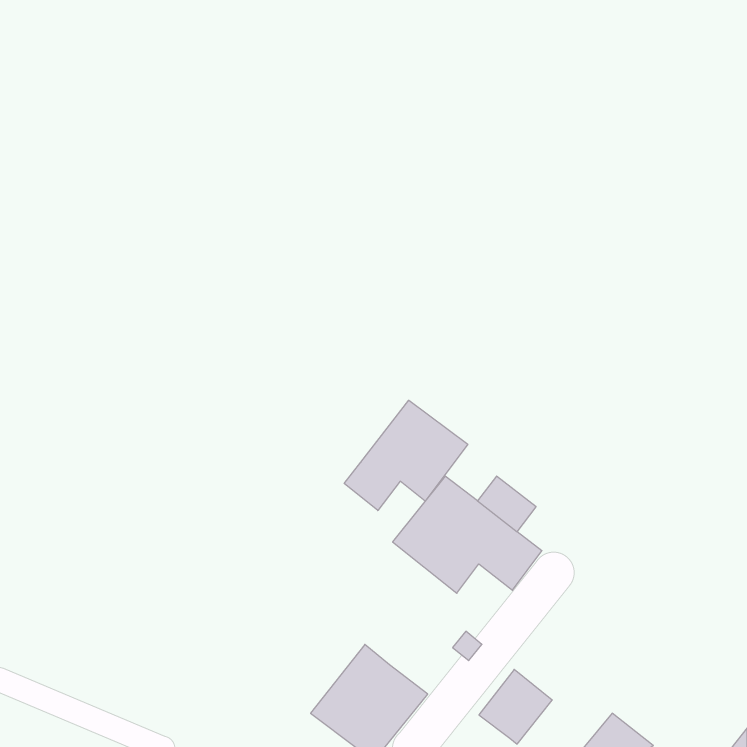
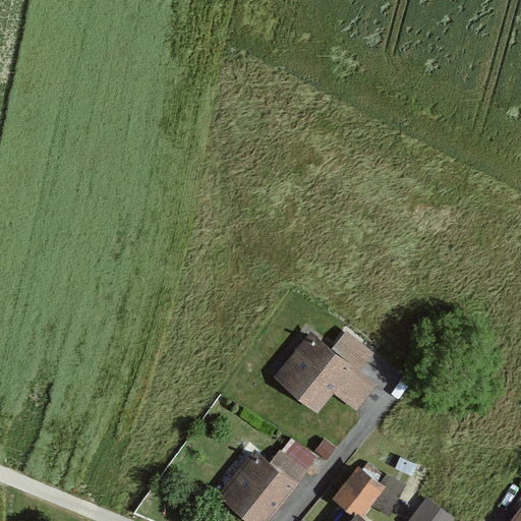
building: [344,400,468,511] -> none
building: none -> [271,438,316,483]

